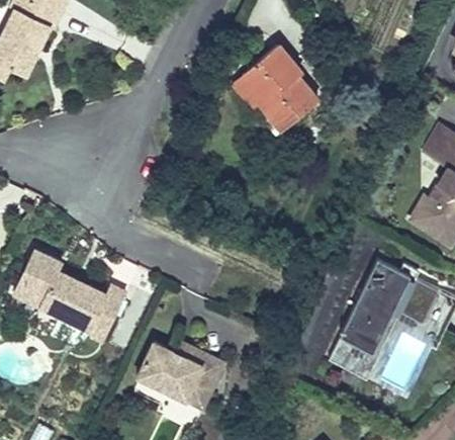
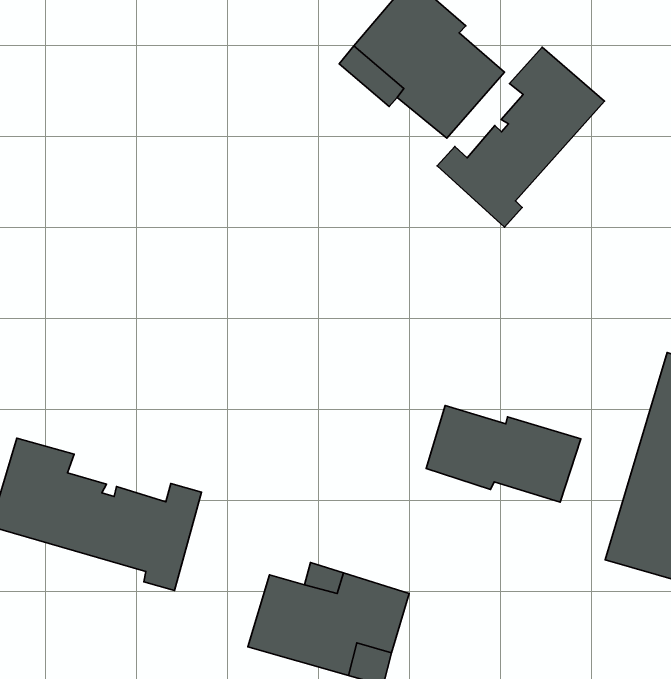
building: none -> [437,47,604,227]
building: none -> [426,406,581,502]

